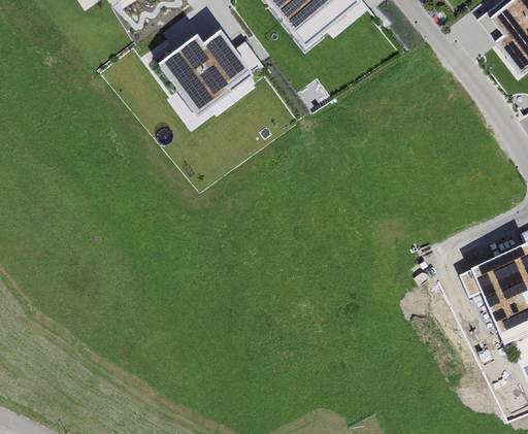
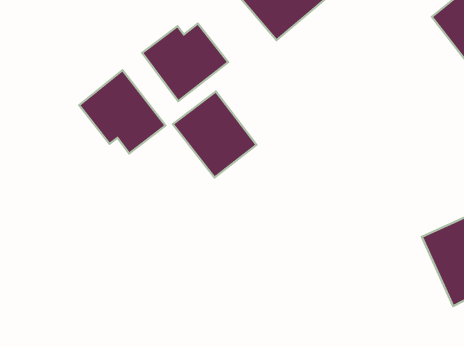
building: none -> [79,70,166,153]
building: none -> [173,92,256,178]

